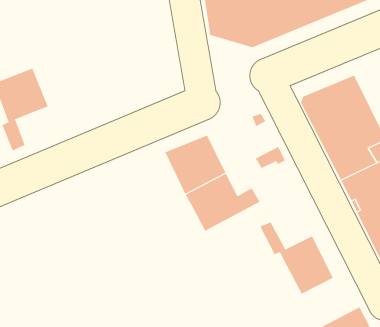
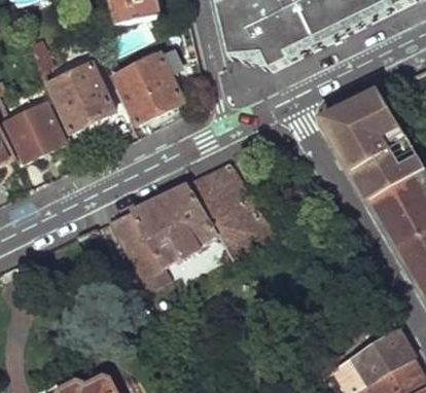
building: none -> [114,46,182,121]
building: none -> [49,61,128,129]
building: none -> [109,181,217,276]
building: [260,221,334,295] -> none

